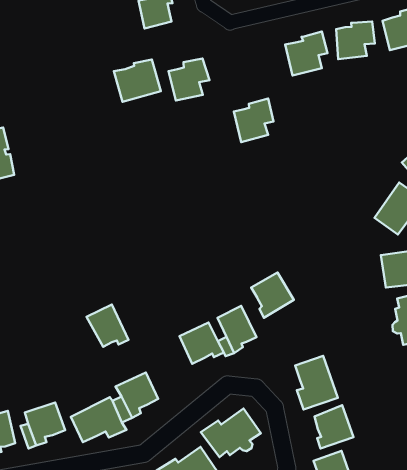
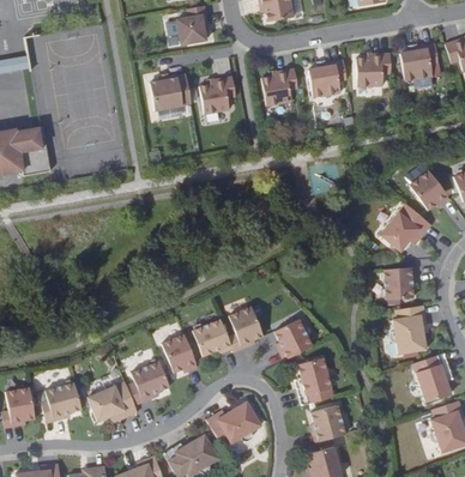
building: [234,99,274,142] -> [262,67,298,105]
building: [251,272,294,318] -> [274,319,313,360]
building: [87,304,129,347] -> [161,333,198,372]

